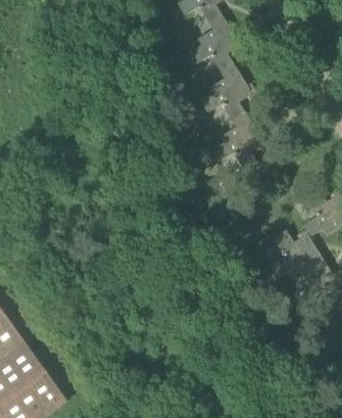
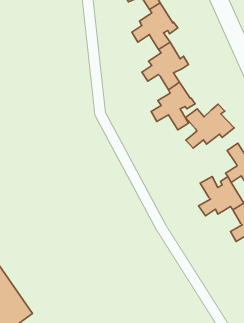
building: none -> [185,104,234,148]

